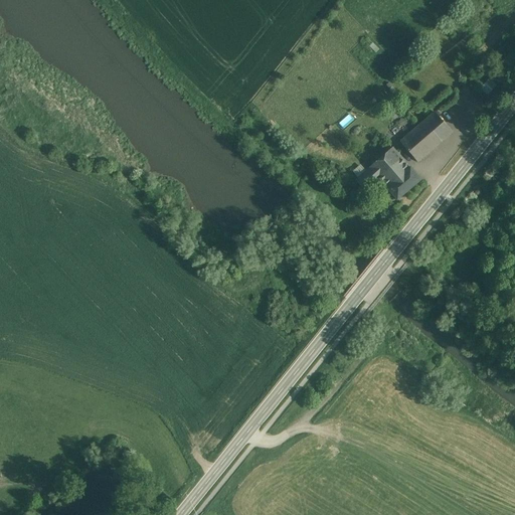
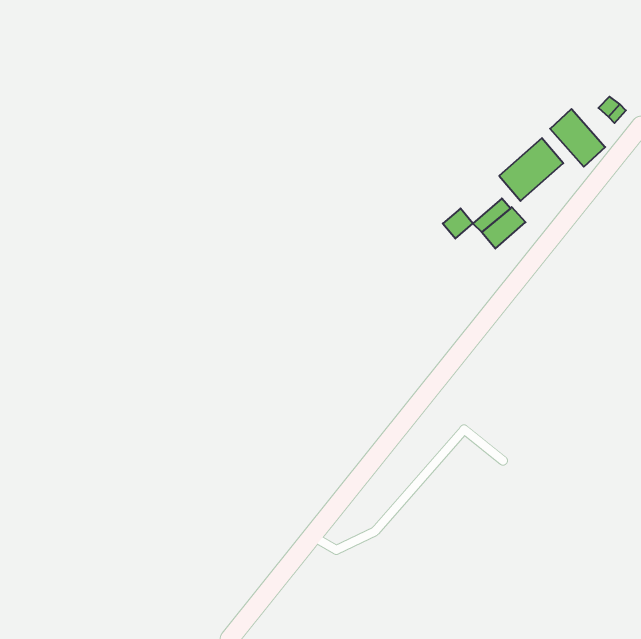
building: none -> [550,109,605,167]
building: [369,147,402,179] -> none

